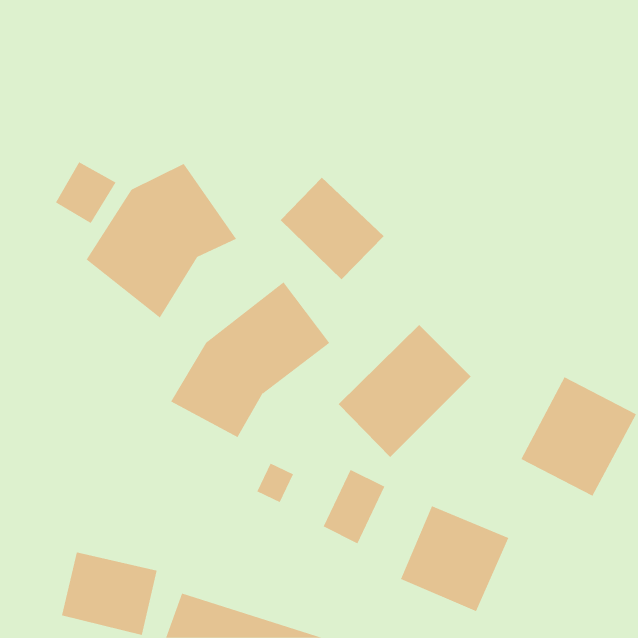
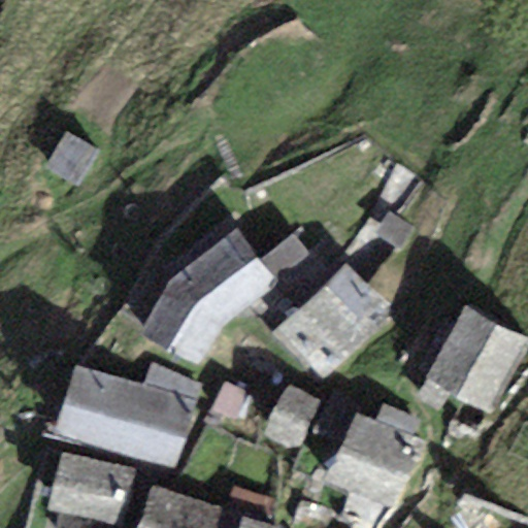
building: [86,163,237,318] -> none
building: [280,177,385,280] -> none
building: none -> [57,369,190,464]

